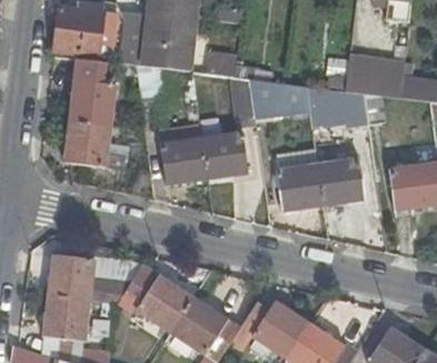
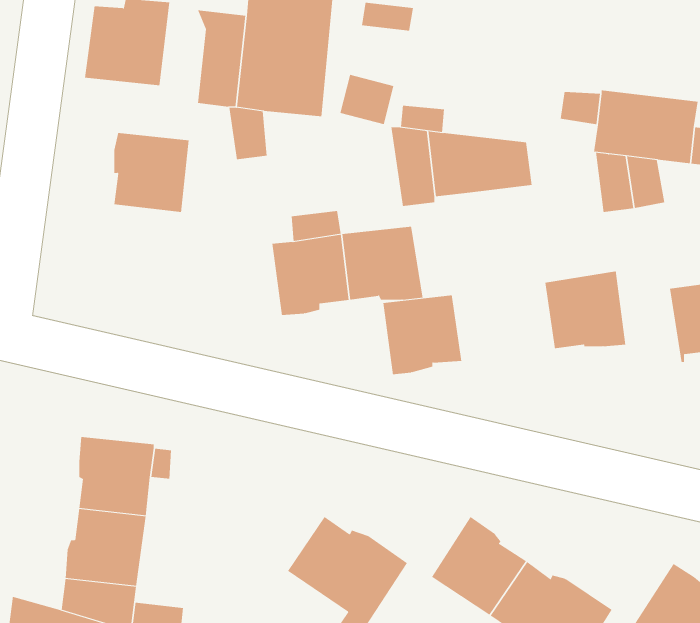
building: [63,122,110,168] -> none
building: [277,167,322,212] -> [382,295,462,375]
building: [119,262,191,331] -> none

